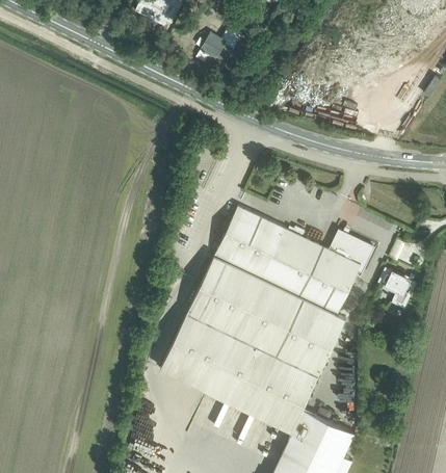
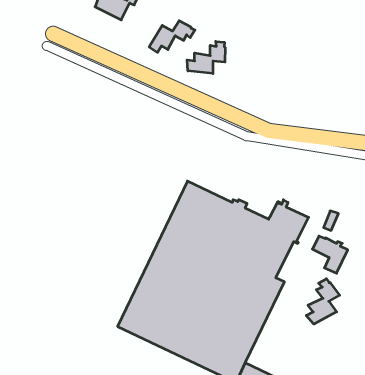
building: none -> [187,41,225,74]
building: none -> [306,279,340,324]

